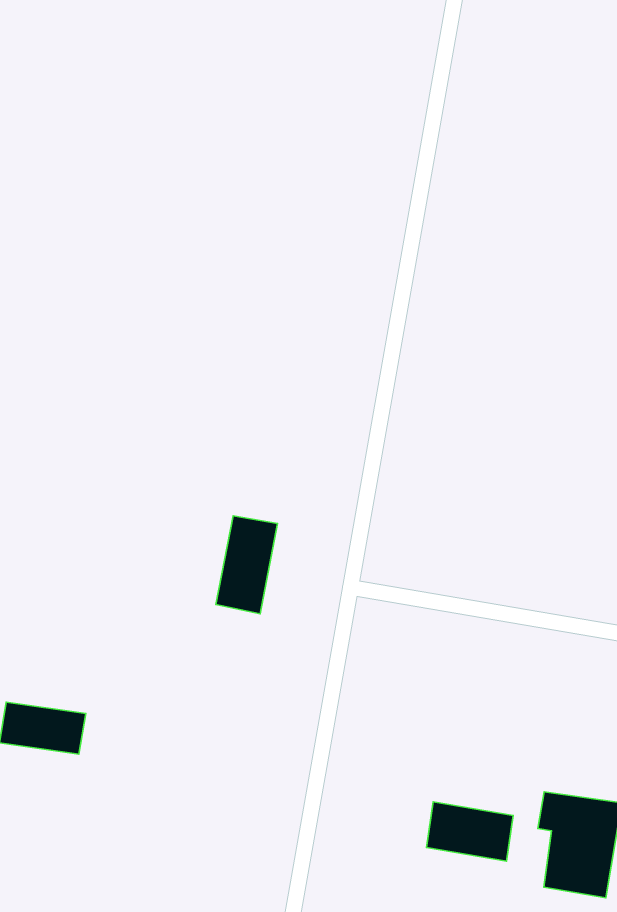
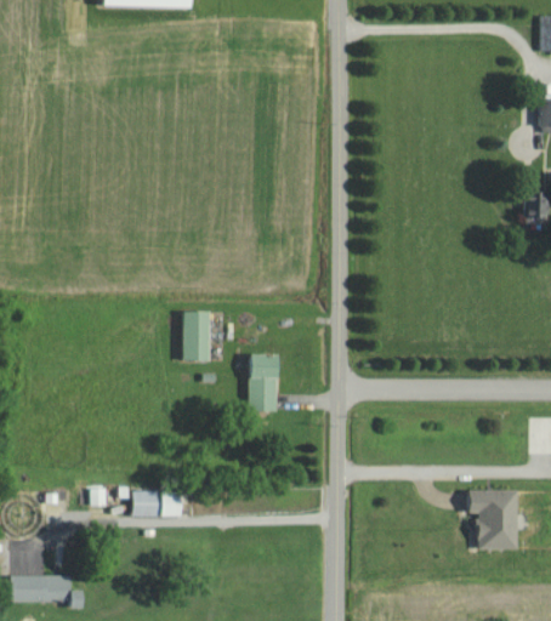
building: none -> [182,310,209,360]
building: [426,802,513,861] -> none

